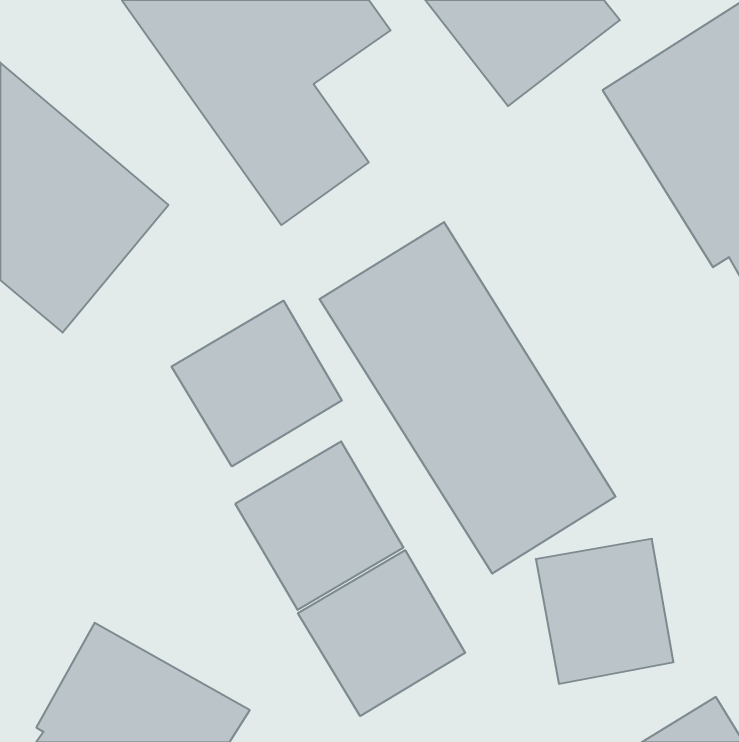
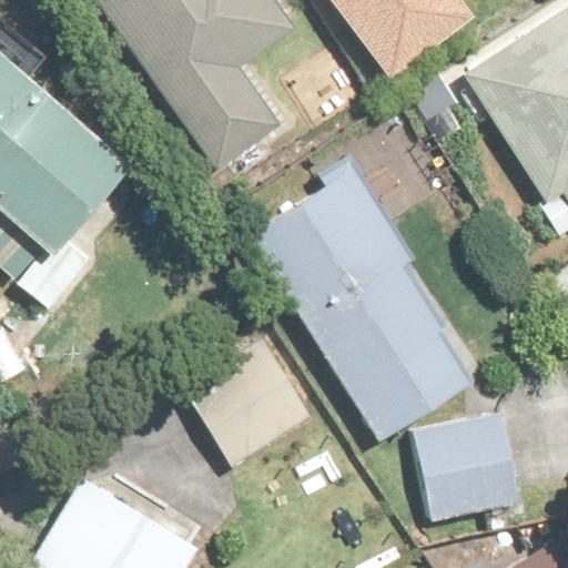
building: [172,301,342,466] -> none
building: [298,550,465,716] -> none

